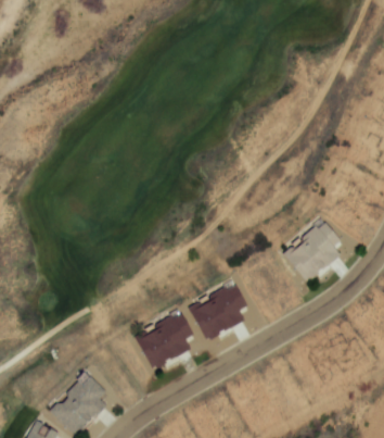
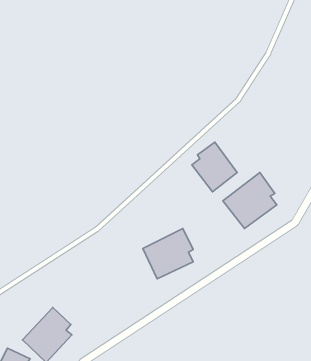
building: none -> [192,142,237,192]
building: [133,313,194,370] -> none

